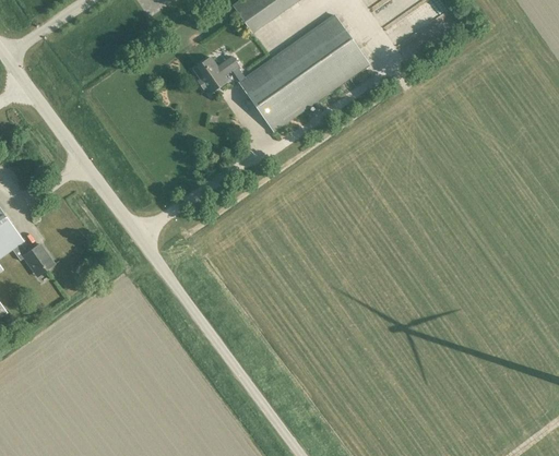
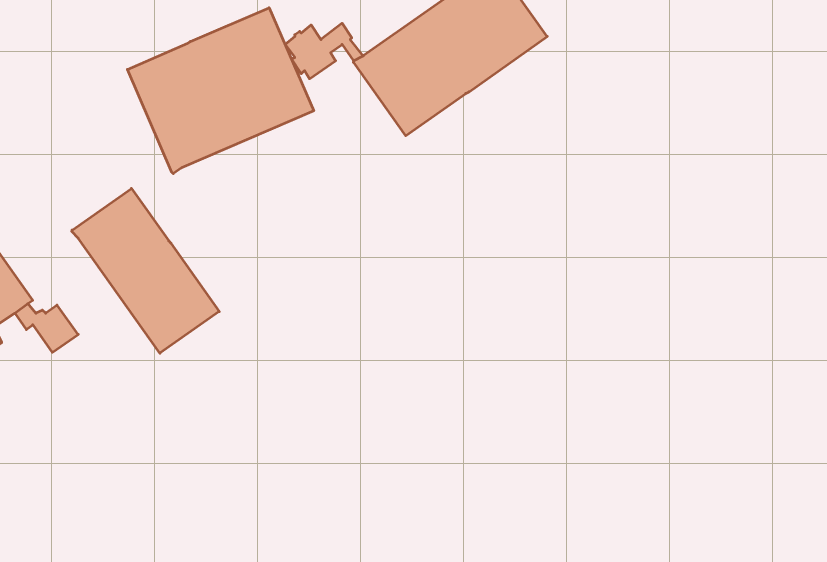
building: none -> [127,8,314,174]
building: none -> [72,188,219,353]

